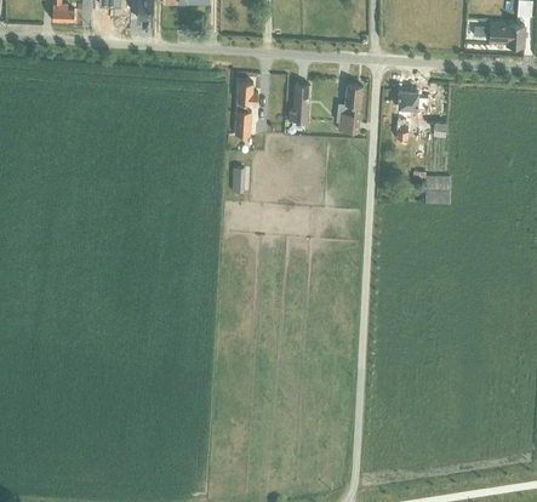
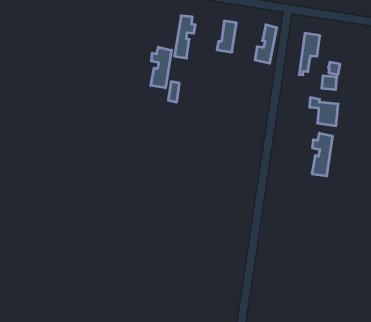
building: none -> [151,47,172,88]
building: none -> [312,133,332,176]

